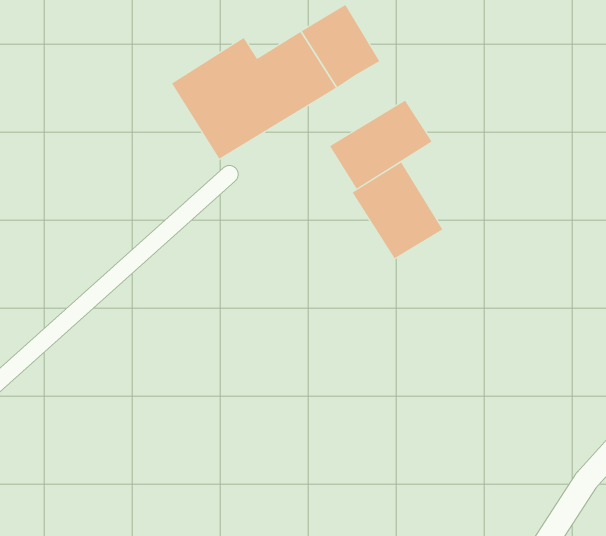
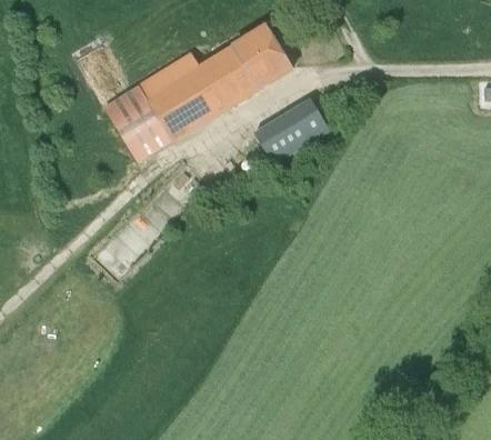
building: none -> [103,84,172,162]
building: [352,161,443,259] -> none

